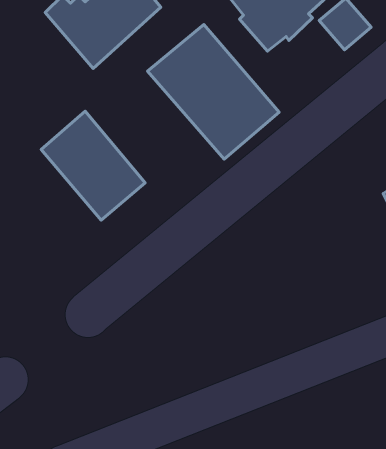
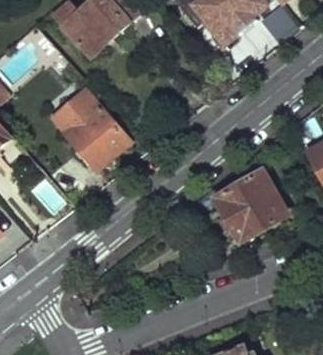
building: [147,24,279,159] -> none
building: none -> [215,170,284,244]

